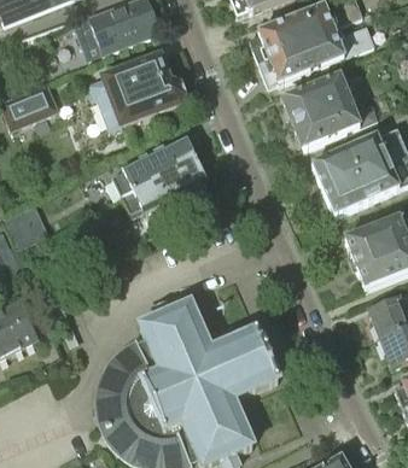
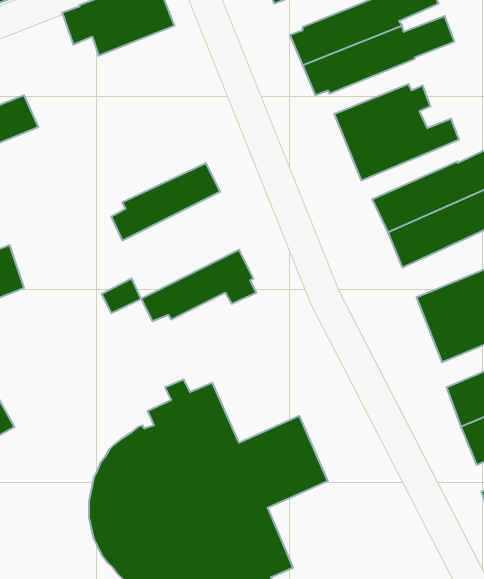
building: [87,57,183,131] -> none
building: [121,159,209,213] -> [141,250,257,321]

